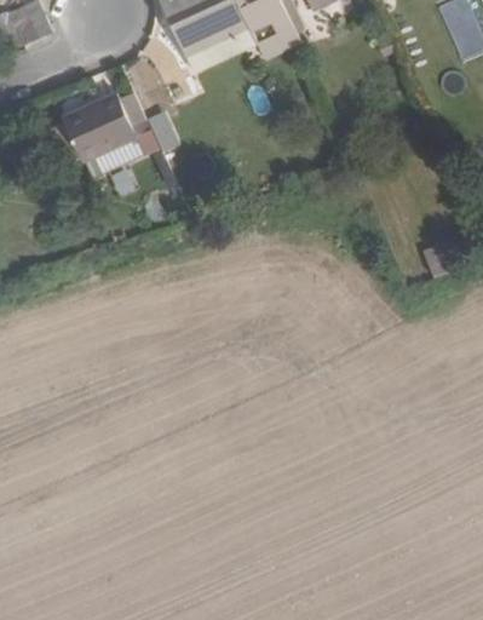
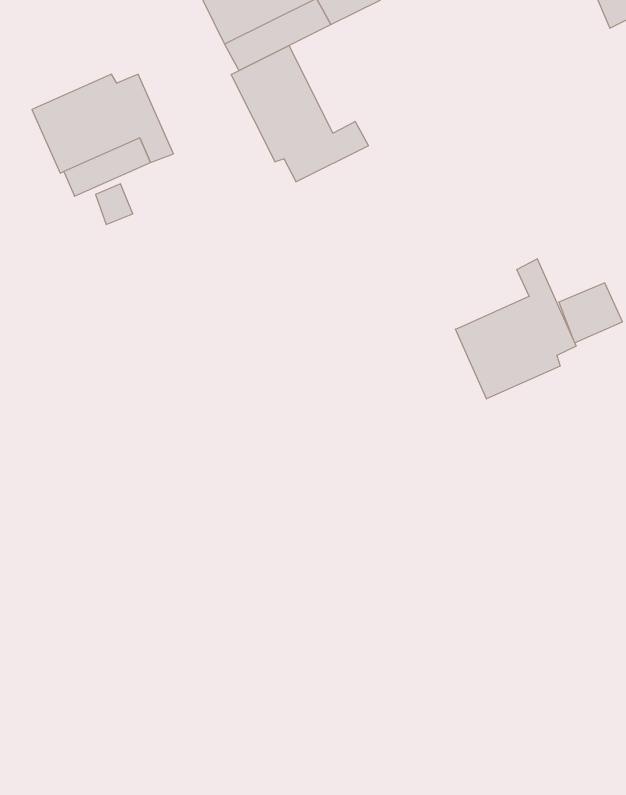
building: none -> [231,45,368,182]
building: none -> [455,259,576,399]

